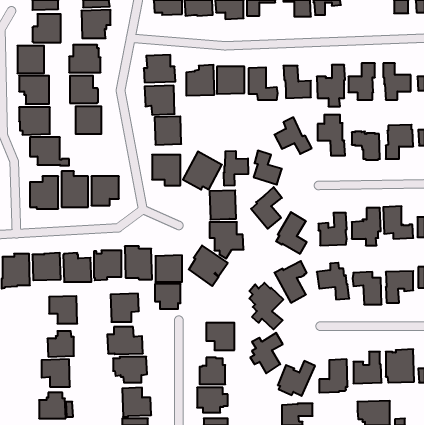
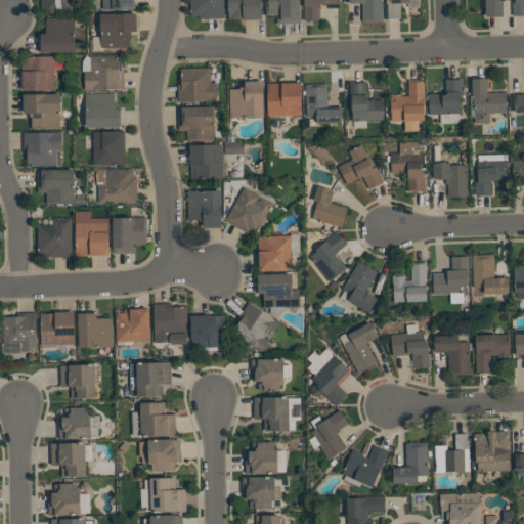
building: none -> [93,169,137,203]
building: [224,151,248,186] -> none
building: [155,284,181,309] -> [253,359,285,390]

